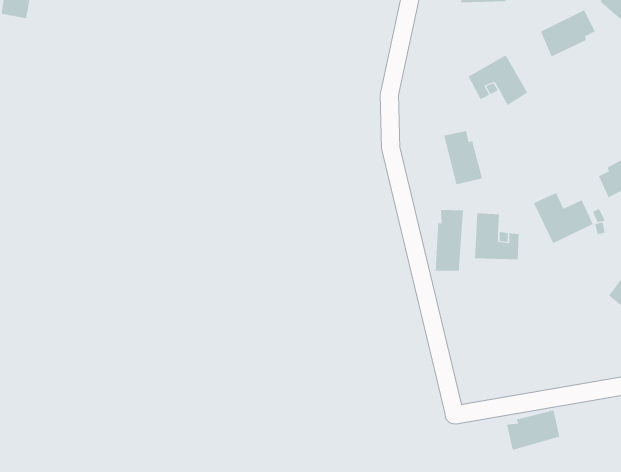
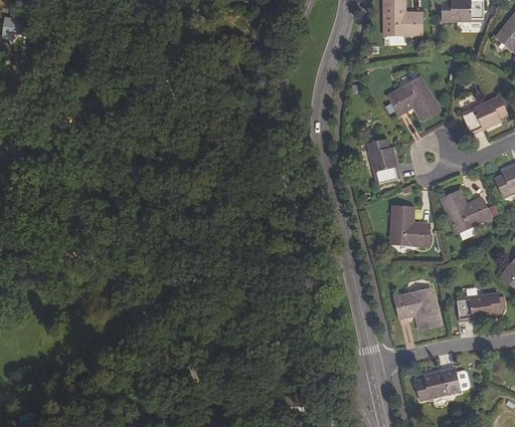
building: [540,9,596,57] -> [462,94,507,134]
building: [435,209,463,271] -> none
building: none -> [397,287,443,329]
building: none -> [459,291,503,321]

